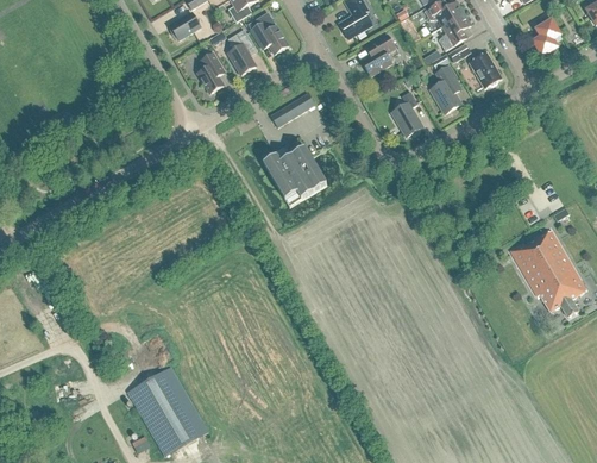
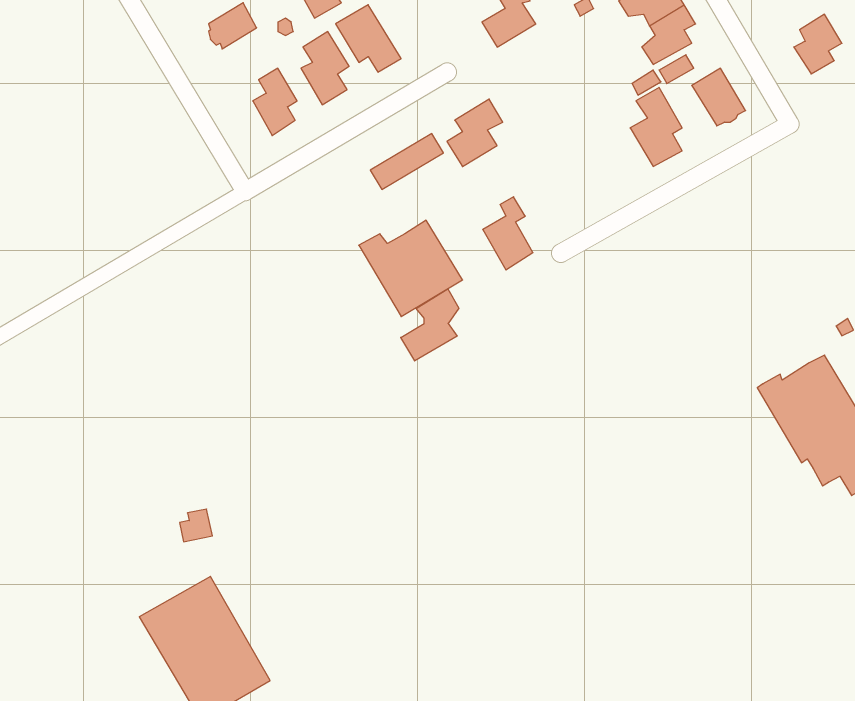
building: [360,33,395,75] -> [447,99,503,167]
building: [391,90,422,136] -> [483,197,533,270]
building: none -> [401,289,459,361]

